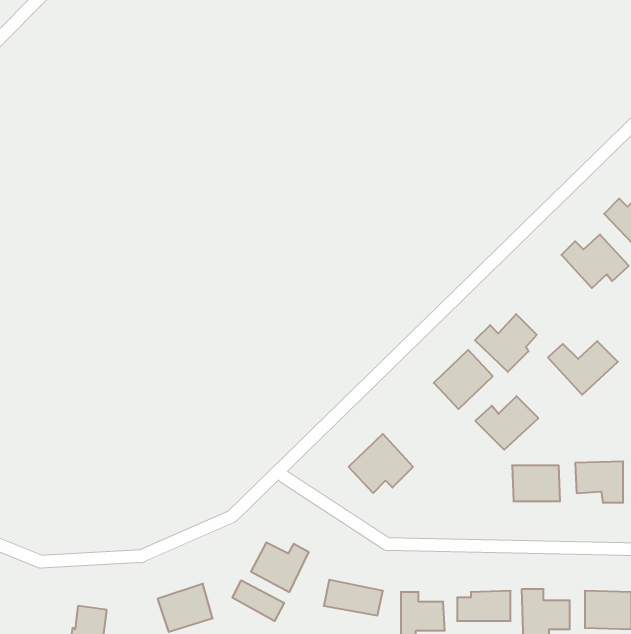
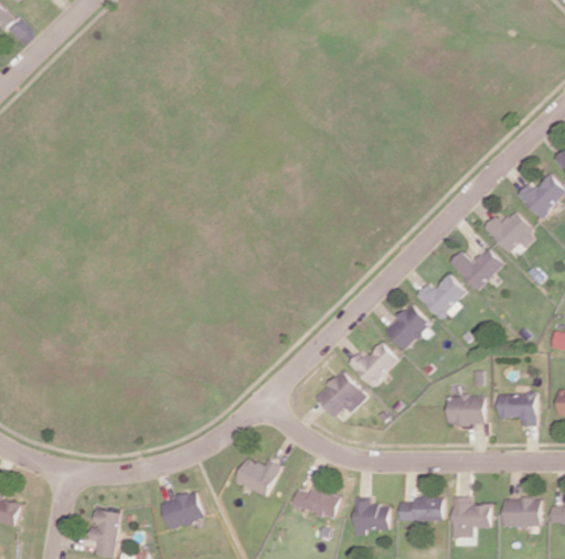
building: [548,341,618,395] -> [447,248,503,291]
building: [475,396,538,450] -> [345,343,396,386]
building: [233,580,284,621] -> none

